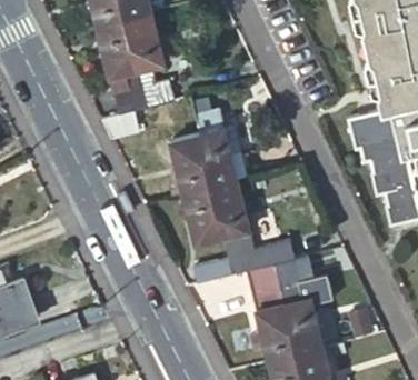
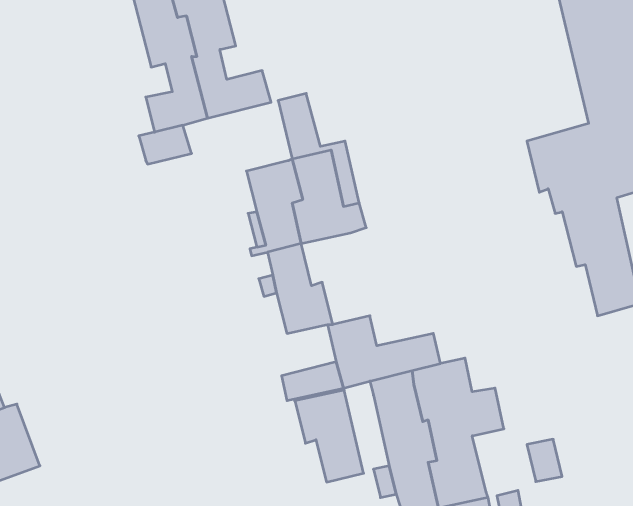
building: [205,178,248,236] -> [295,390,364,482]

